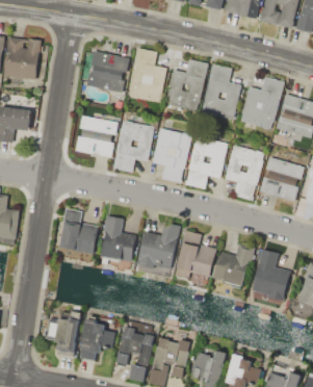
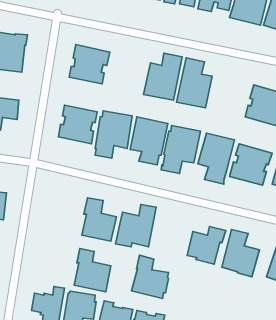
building: [127,48,166,102] -> none
building: [239,77,284,129] -> none
building: [59,208,99,255] -> [74,248,111,292]
building: [176,230,215,277] -> [132,255,168,299]

